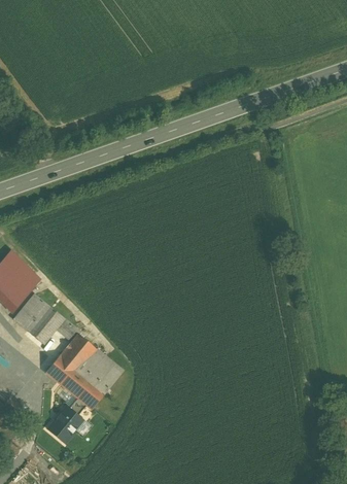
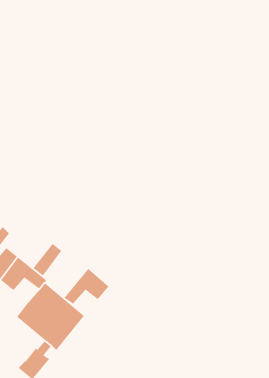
building: none -> [32,243,62,276]
building: none -> [64,268,109,305]

